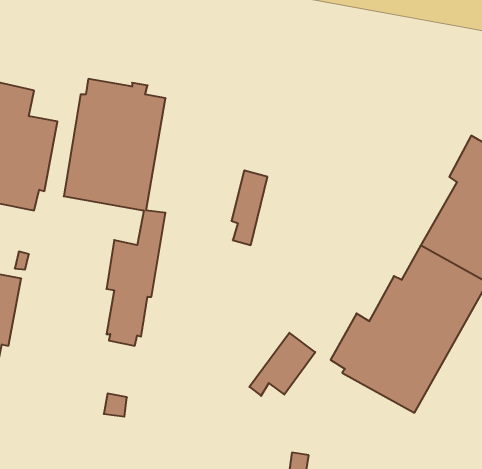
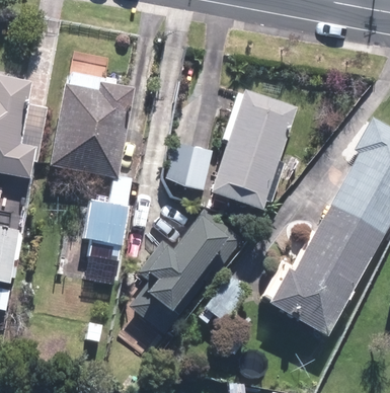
building: none -> [212,90,298,210]
building: none -> [129,207,241,333]

